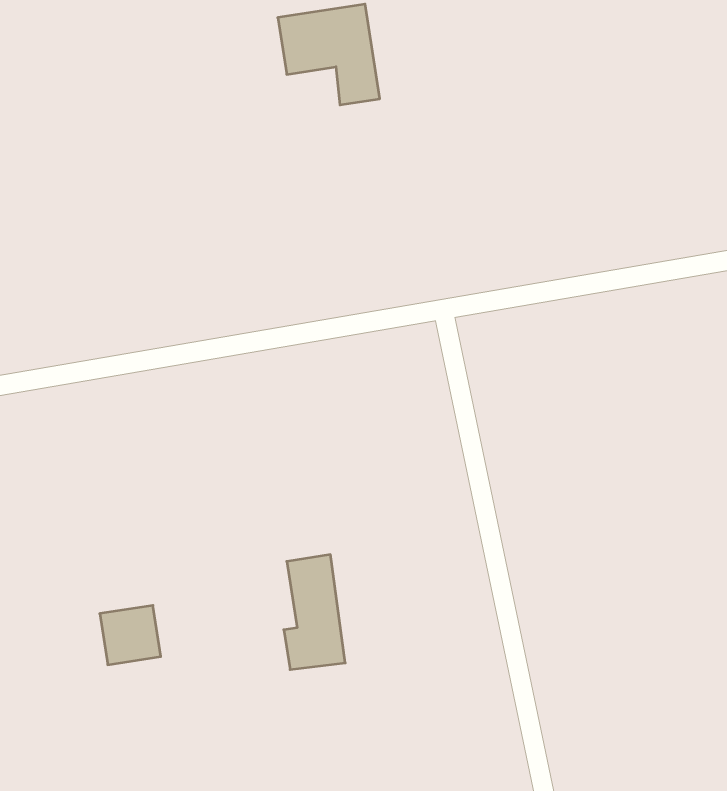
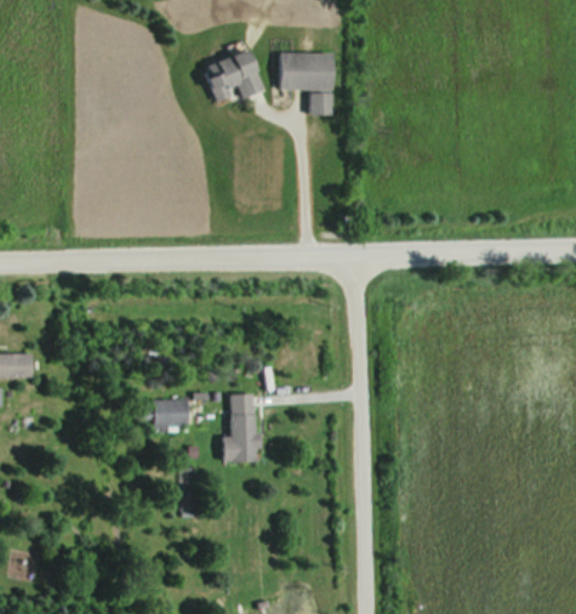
building: none -> [203,47,261,104]
building: [100,605,161,665] -> [155,400,189,433]

